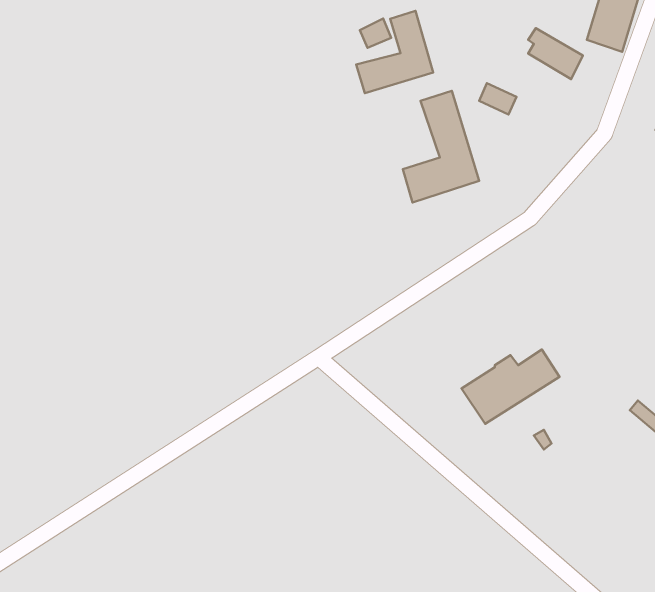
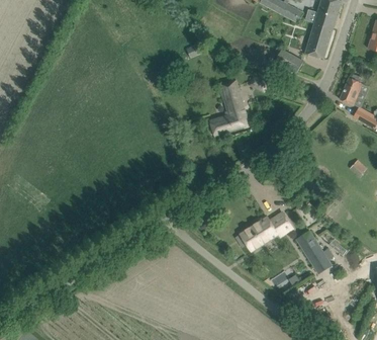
building: [356,11,433,93] -> none
building: none -> [297,230,332,272]

